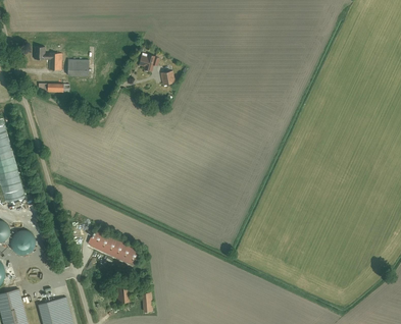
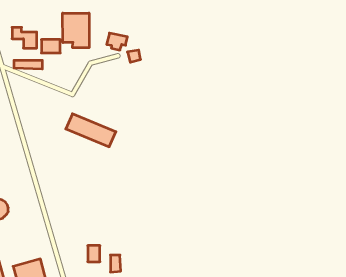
building: none -> [63,13,89,48]
building: [87,230,141,266] -> [66,114,116,147]

